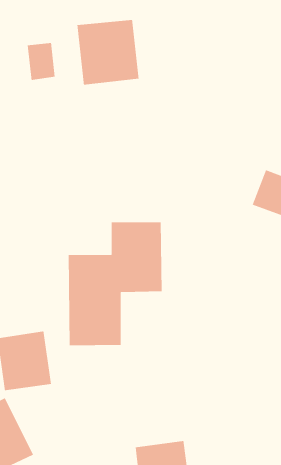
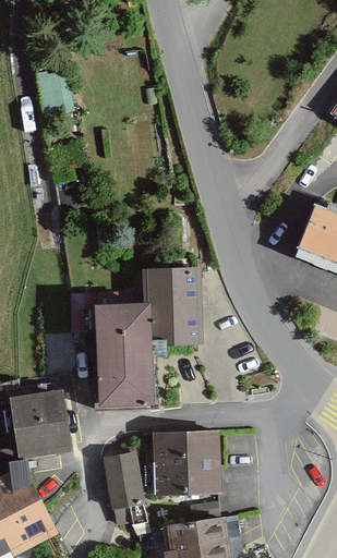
building: [77,19,139,85] -> none
building: none -> [151,430,222,495]
building: none -> [101,452,146,512]

